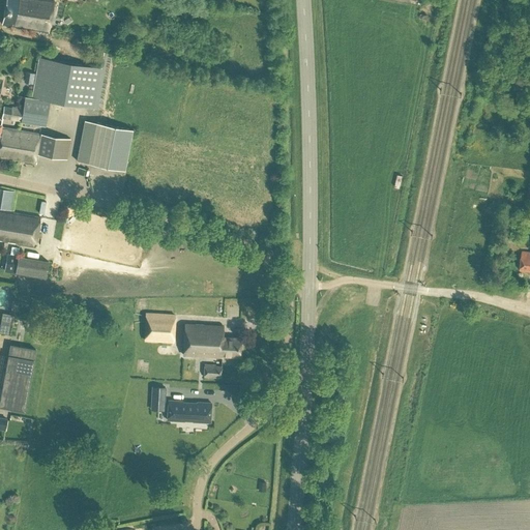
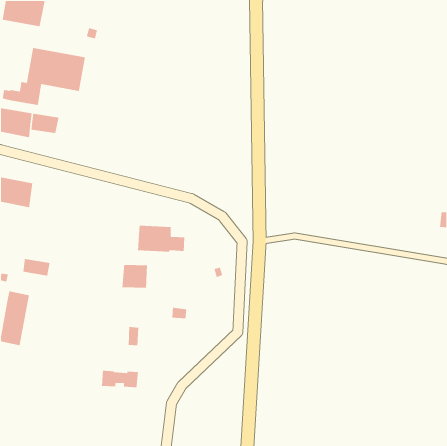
building: [77,120,132,171] -> none
building: [16,257,49,278] -> [22,258,50,276]
building: [183,324,240,357] -> [137,225,185,253]
building: [167,401,211,422] -> [101,370,139,388]

